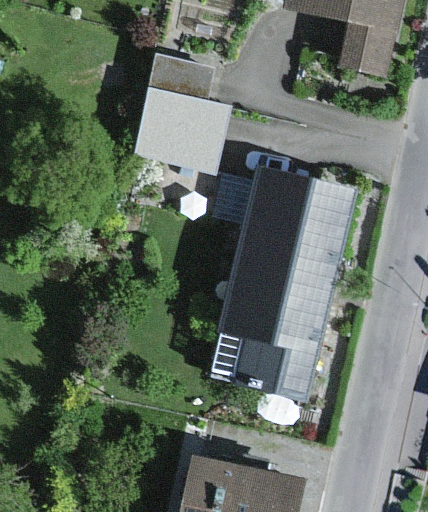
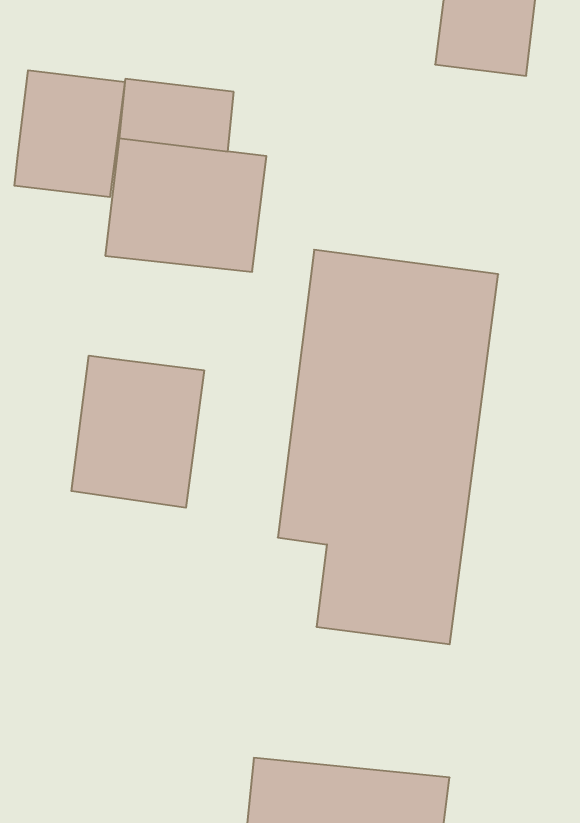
building: none -> [14,70,125,197]
building: none -> [71,356,204,508]

